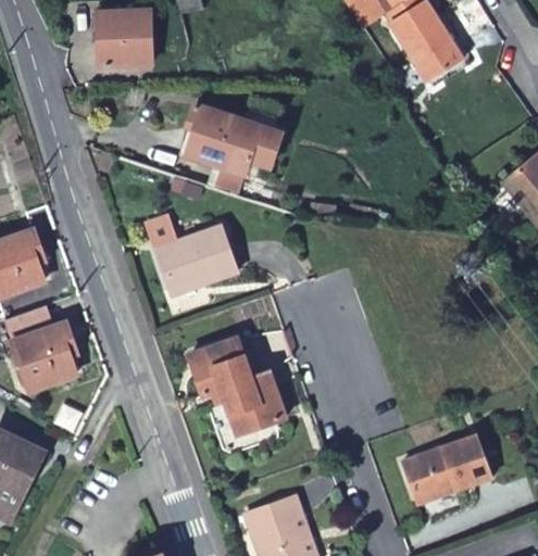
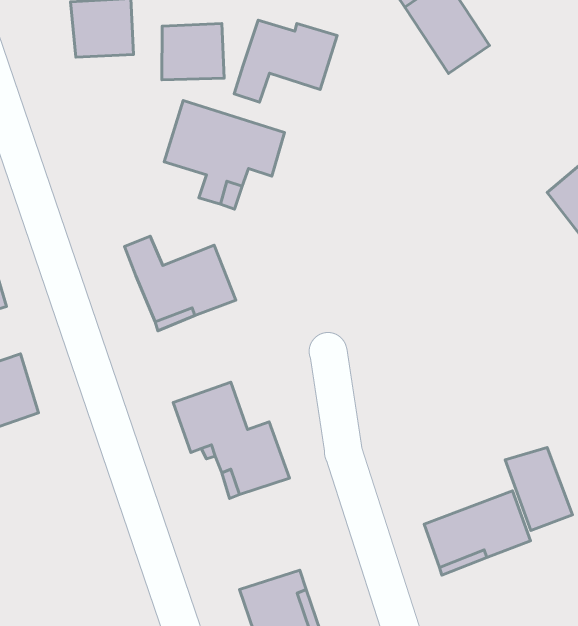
building: none -> [234,20,337,102]
building: none -> [162,23,224,80]
building: none -> [505,448,573,530]

